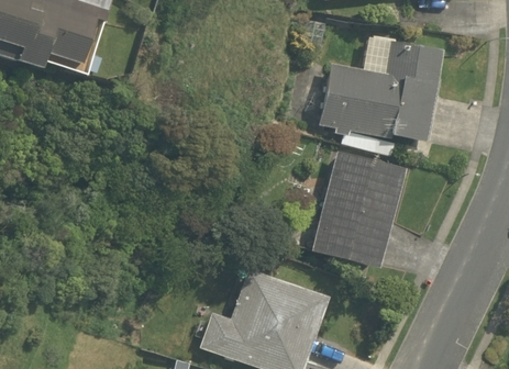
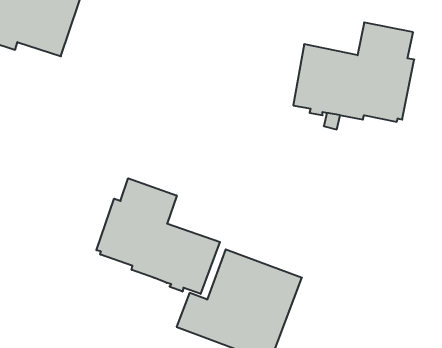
building: [311,152,403,267] -> none
building: none -> [96,178,220,294]

